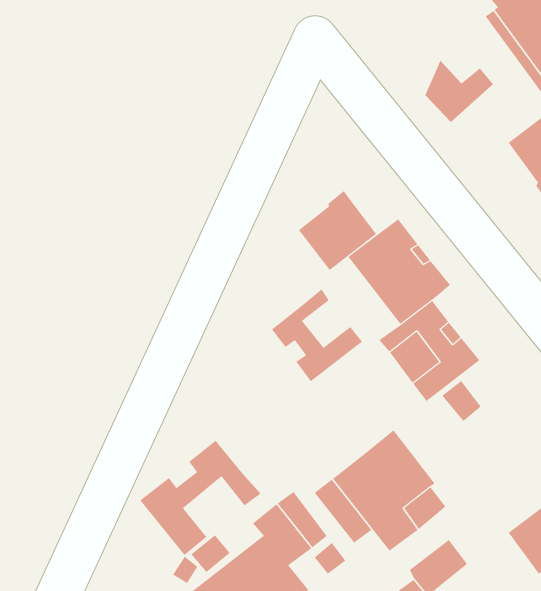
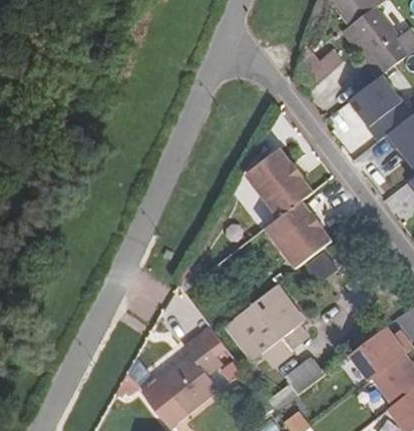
building: [298,190,377,271] -> none
building: [271,289,363,382] -> none
building: [139,440,261,556] -> none

